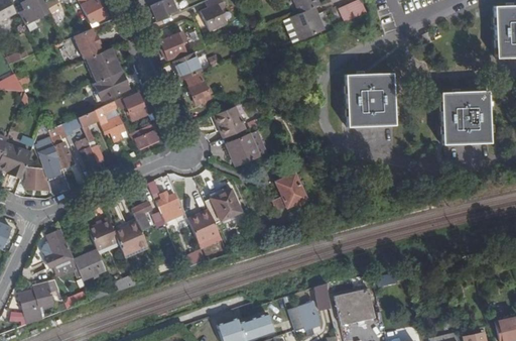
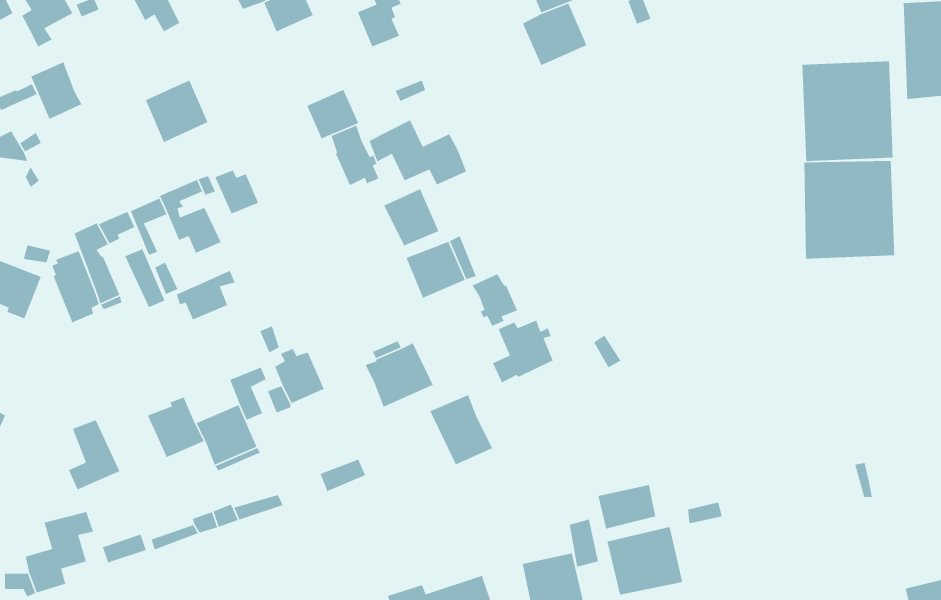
building: [74,27,102,59] -> [30,61,83,119]
building: [160,30,186,59] -> none
building: none -> [368,119,467,185]
building: [94,70,129,99] -> none
building: [345,72,394,126] -> [802,61,894,162]
building: [130,120,162,147] -> [176,270,236,320]
building: none -> [471,273,518,327]
building: [26,166,51,191] -> none
building: [188,210,223,248] -> [429,394,493,465]
building: [75,249,106,278] -> none
building: none -> [597,484,656,529]

